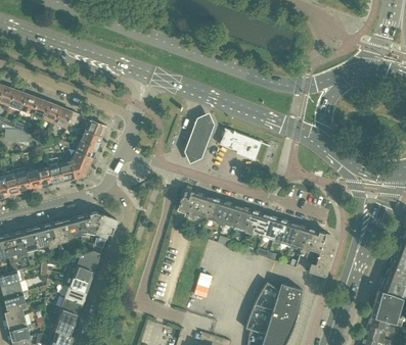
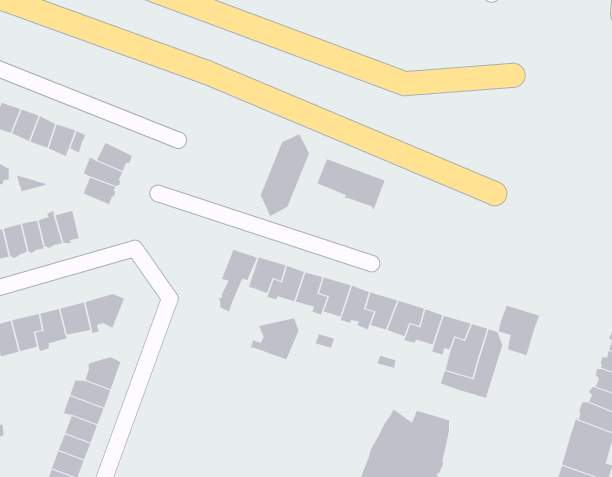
building: [71,150,93,178] -> none
building: [93,214,118,253] -> [218,249,258,313]
building: none -> [498,305,540,356]
building: none -> [250,317,299,360]

